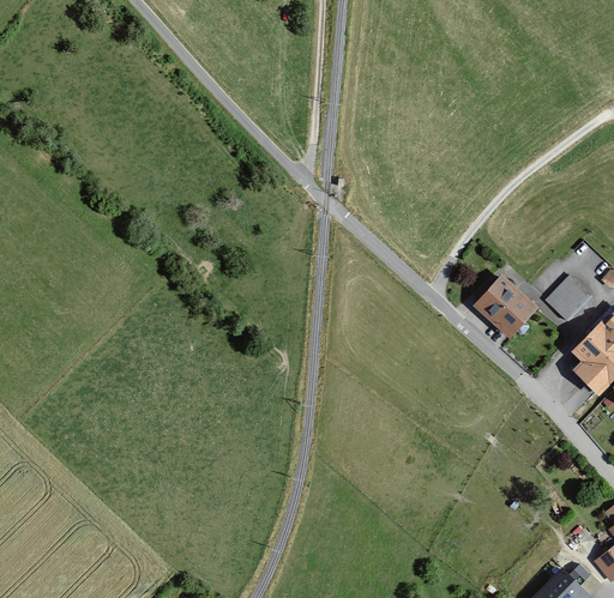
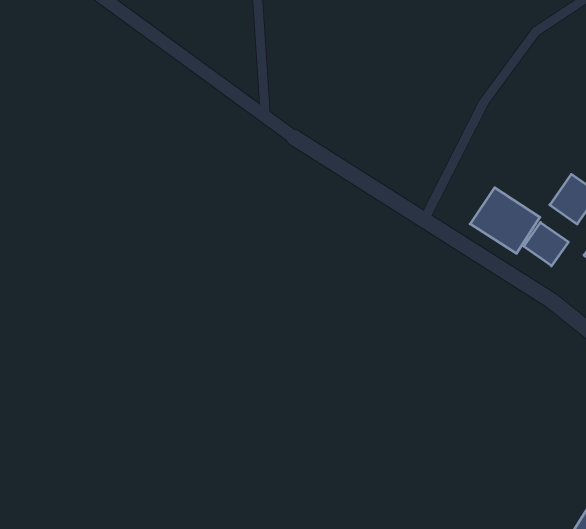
building: none -> [524,222,568,266]

